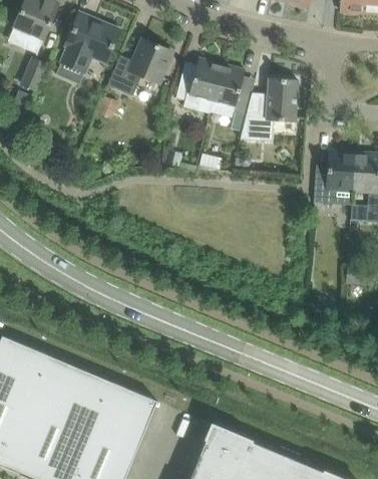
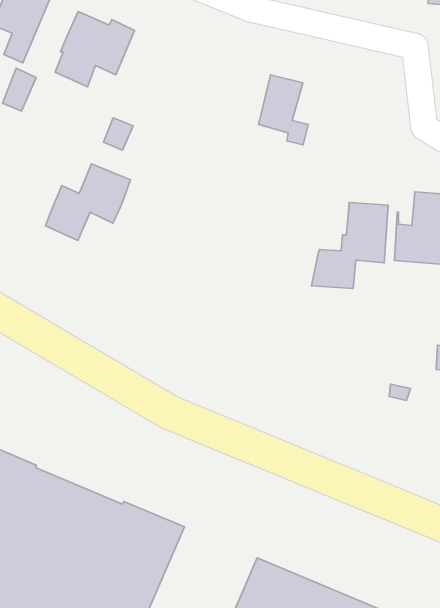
building: [108,39,171,96] -> [46,164,130,241]
building: [176,57,222,109] -> none
building: [241,77,298,142] -> [312,202,388,289]

